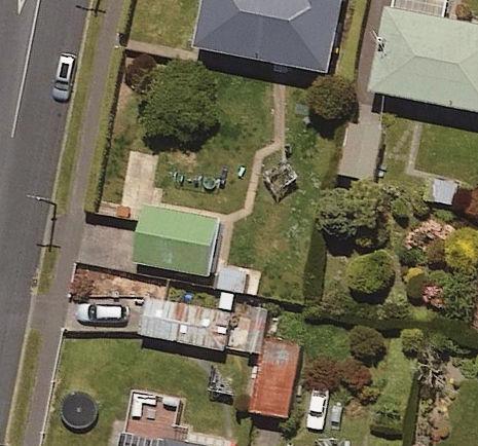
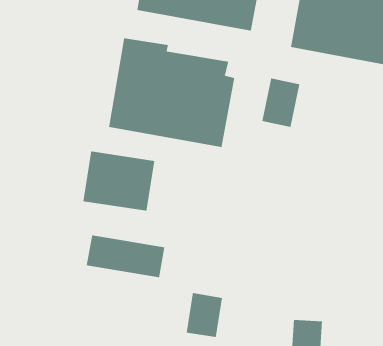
building: none -> [108,38,235,148]

